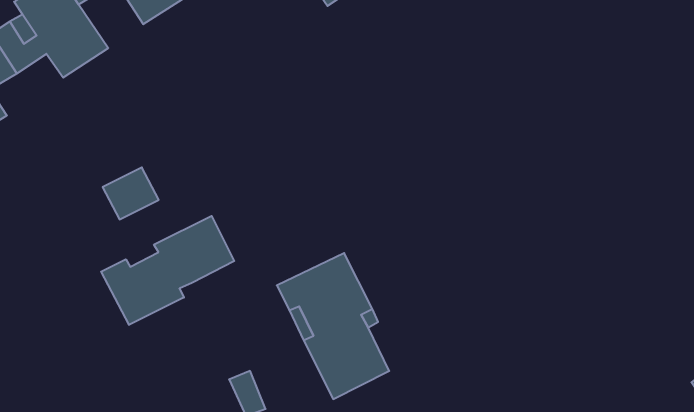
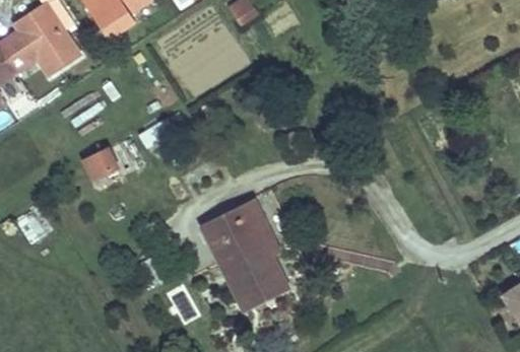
building: [101,216,234,325] -> none

